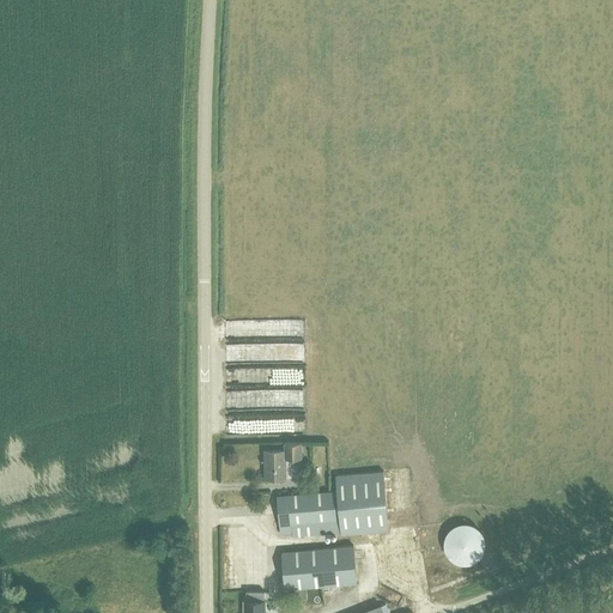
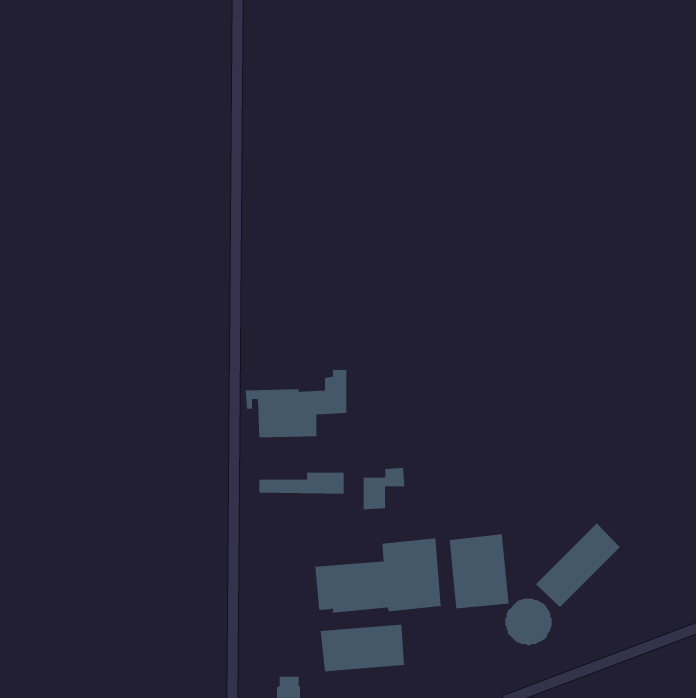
building: [263,443,301,480] -> [363,468,405,510]
building: none -> [535,522,621,608]
building: none -> [449,534,509,609]

